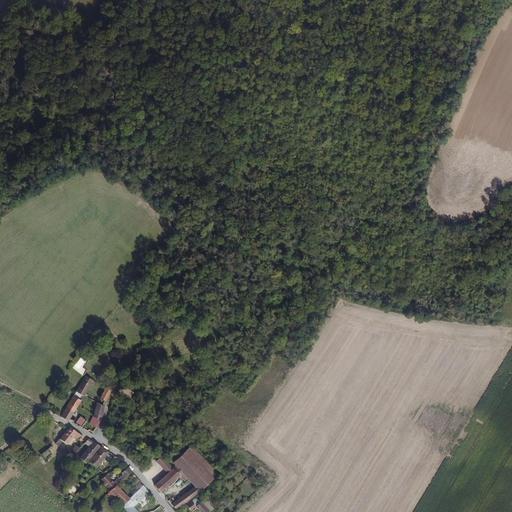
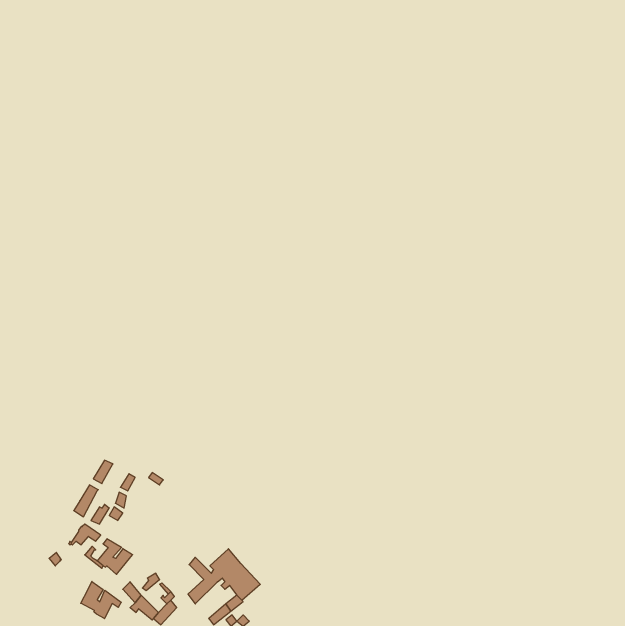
building: none -> [81,581,121,619]

